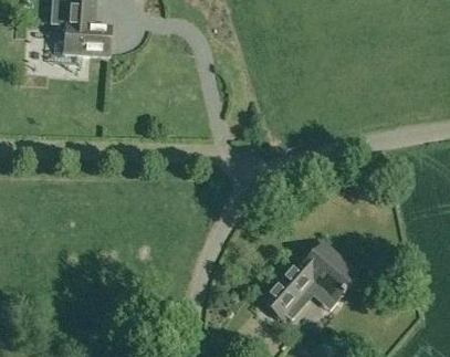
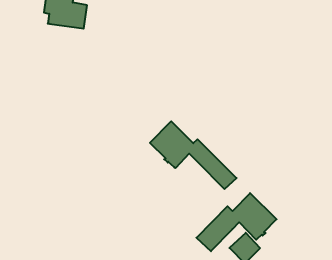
building: none -> [150,121,237,189]

